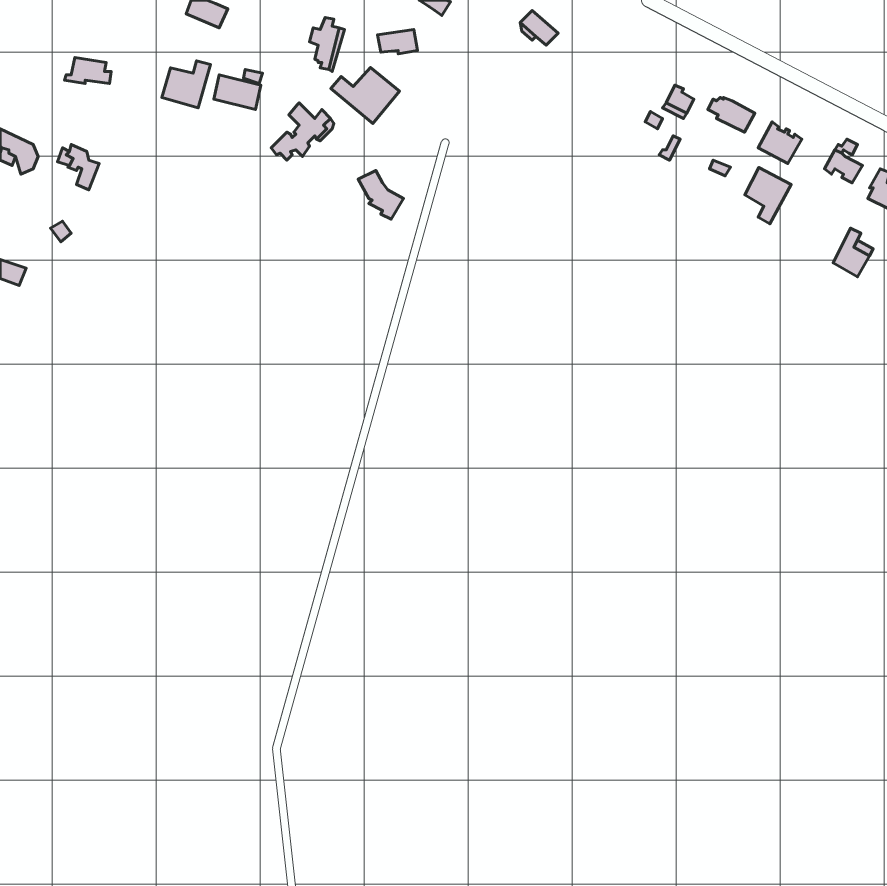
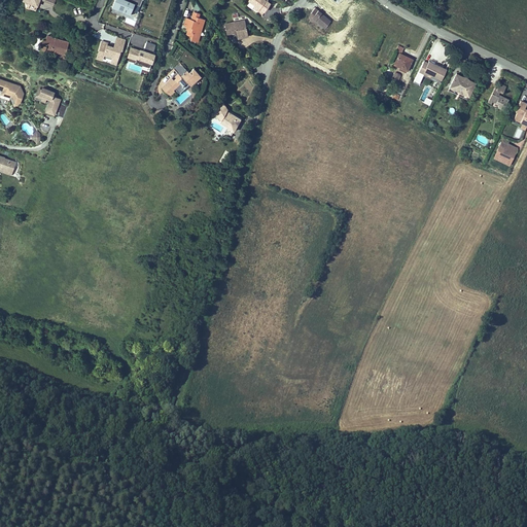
building: [331,67,400,124] -> none
building: [745,168,791,224] -> none

